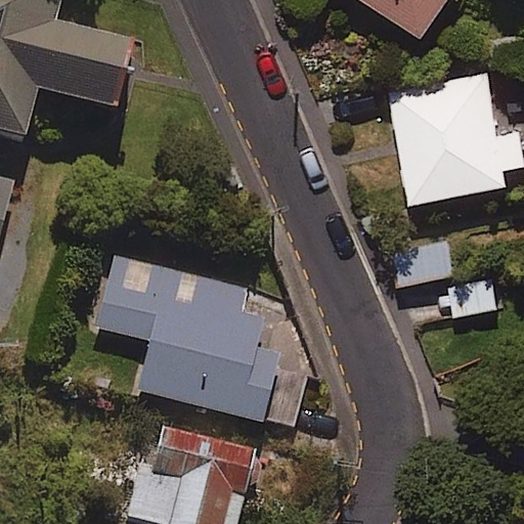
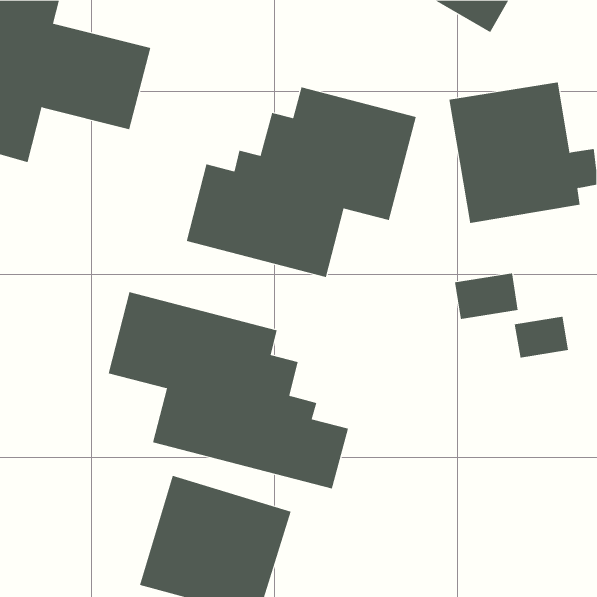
building: none -> [186,86,417,278]

